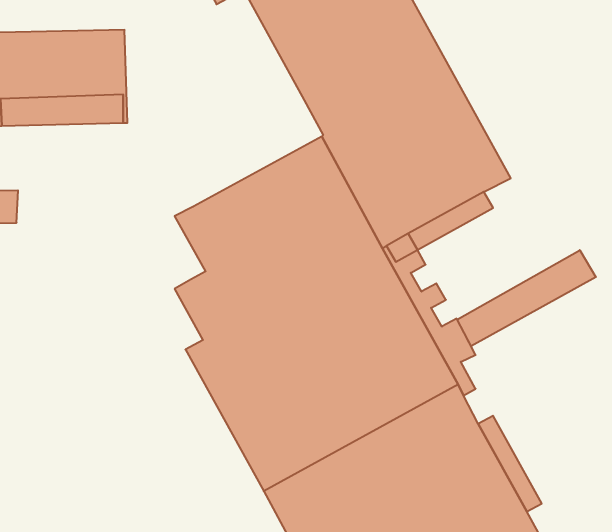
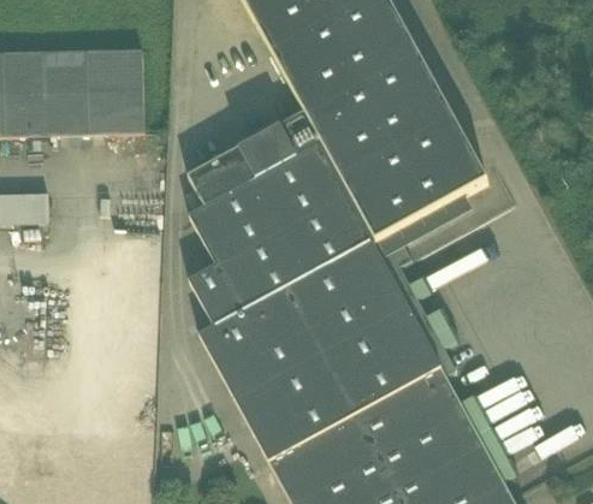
building: none -> [186,112,320,207]
building: [457,250,596,346] -> none

